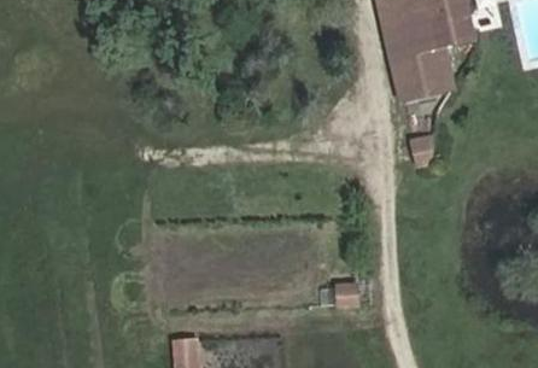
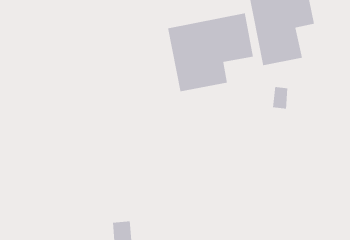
building: none -> [168,13,254,92]

